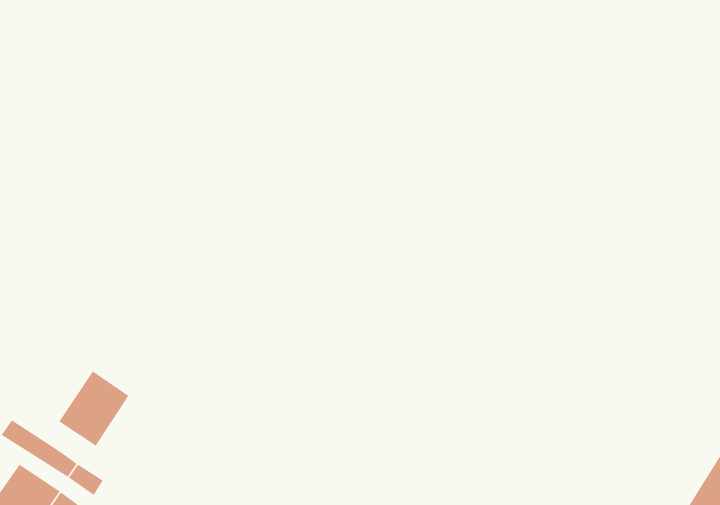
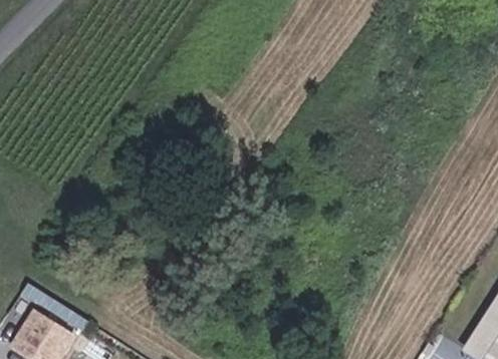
building: [58,370,129,446] -> none

